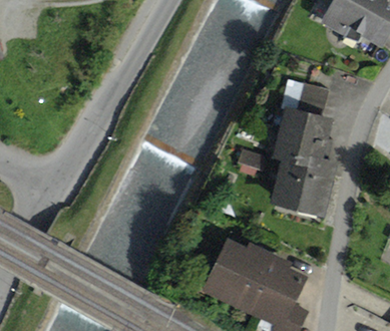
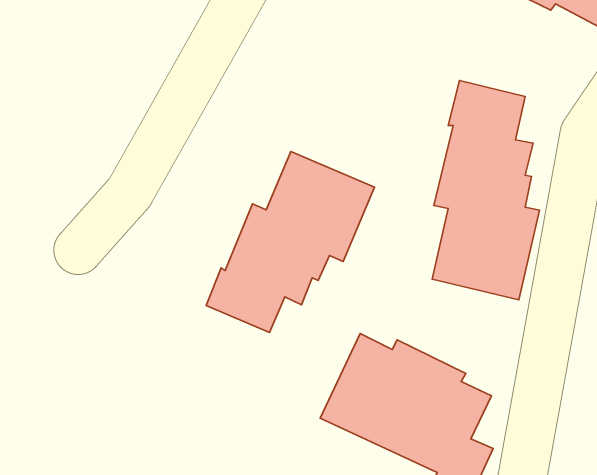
building: none -> [206,151,374,332]

